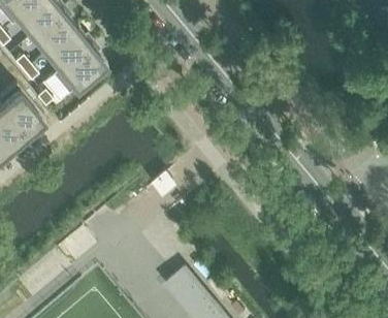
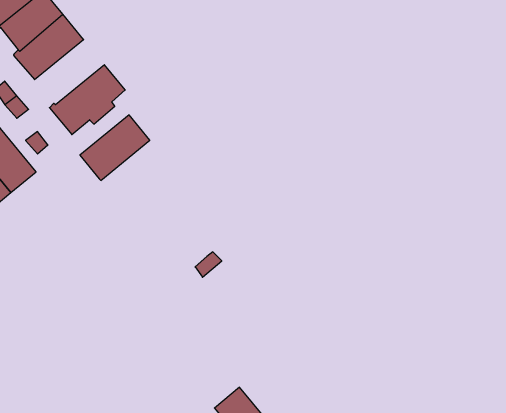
building: [43,28,92,73] -> [80,115,150,180]

